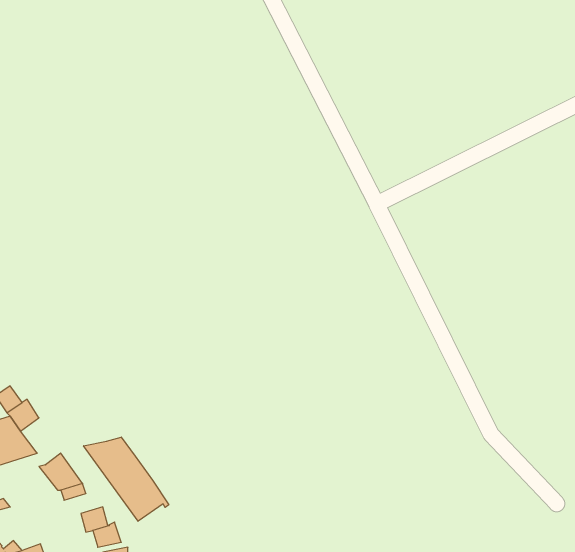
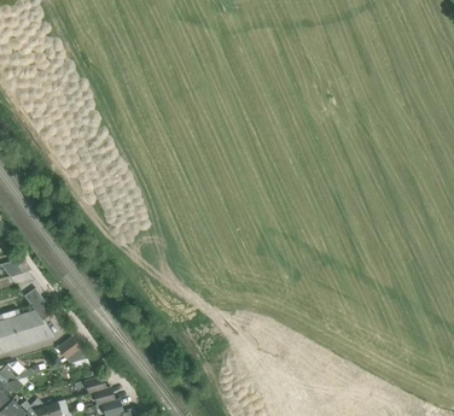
building: [84,437,169,521] -> none

